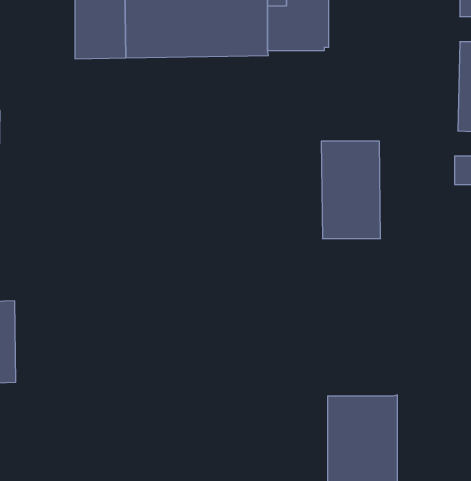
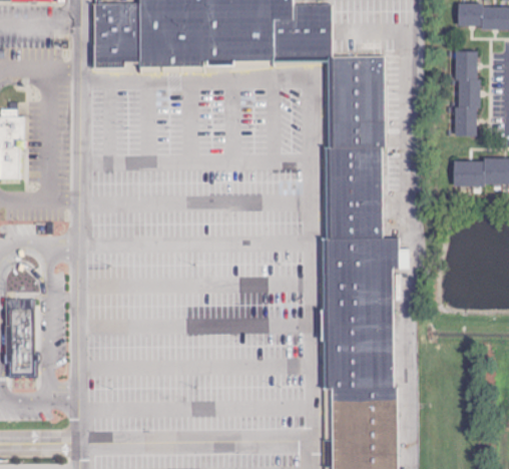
building: none -> [328,55,384,145]
building: none -> [323,238,397,387]

